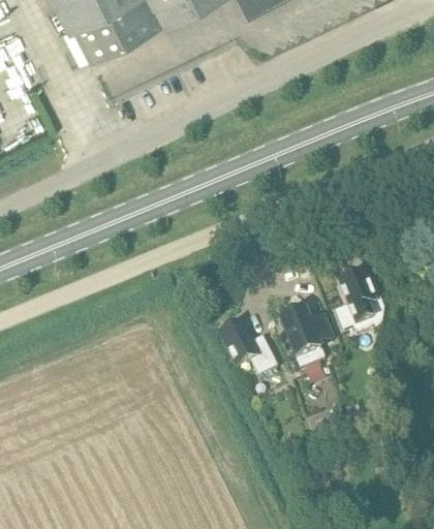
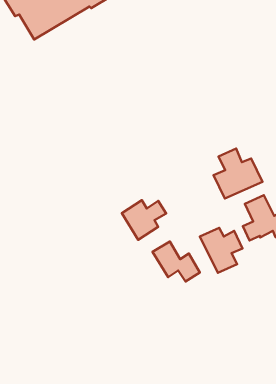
building: none -> [214,148,262,199]
building: none -> [122,200,166,240]

